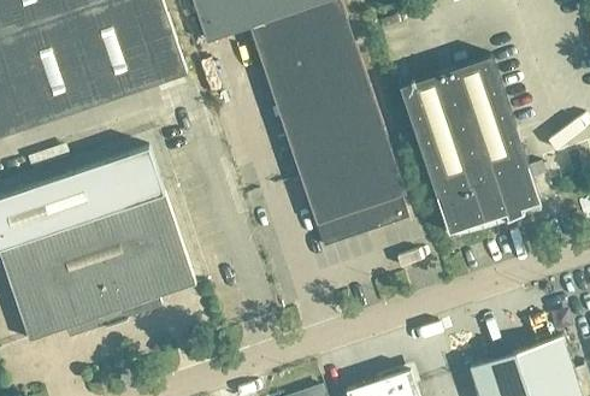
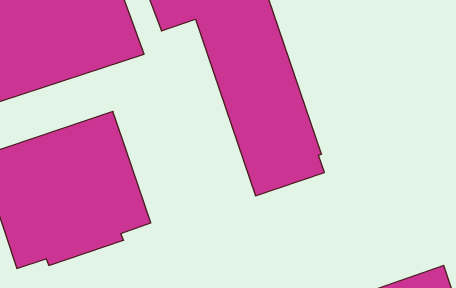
building: [400,54,541,231] -> none

